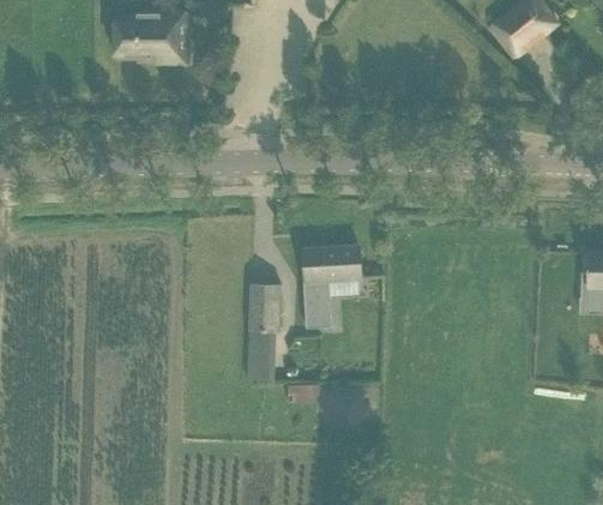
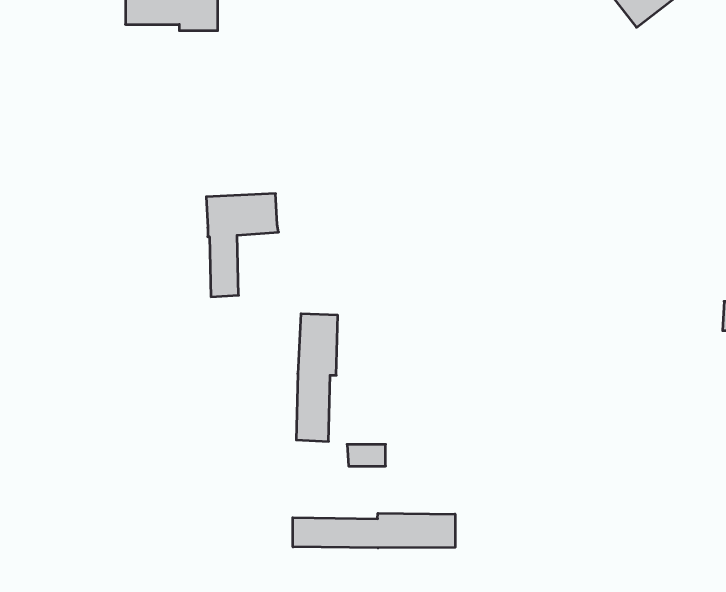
building: [303,246,360,326] -> [206,194,279,297]
building: none -> [293,513,455,548]

